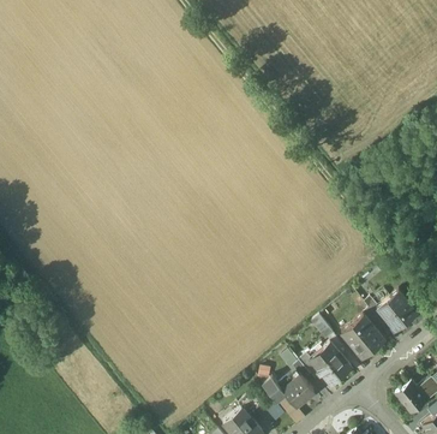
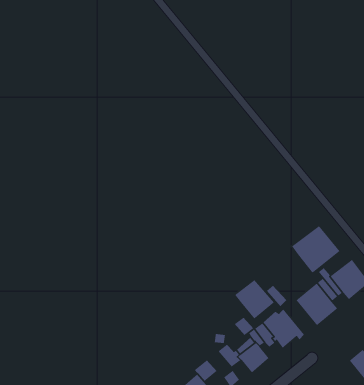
building: none -> [291,225,341,274]
building: none -> [234,279,275,319]

